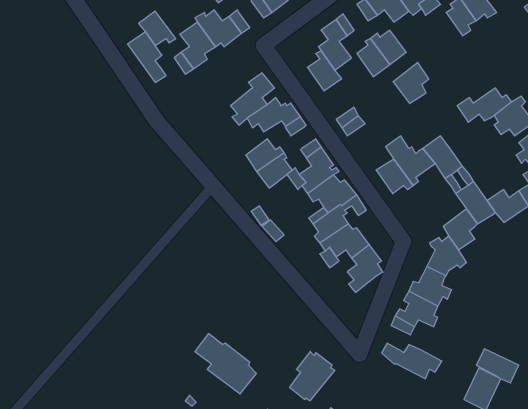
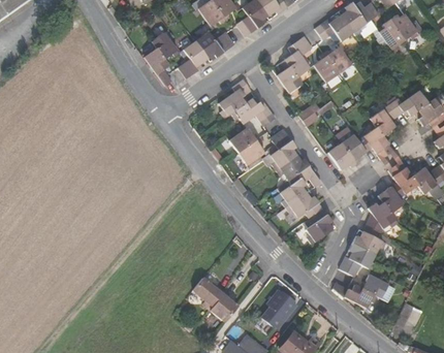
building: [393,62,429,104] -> [372,103,399,134]
building: [476,349,519,383] -> [363,275,395,300]

